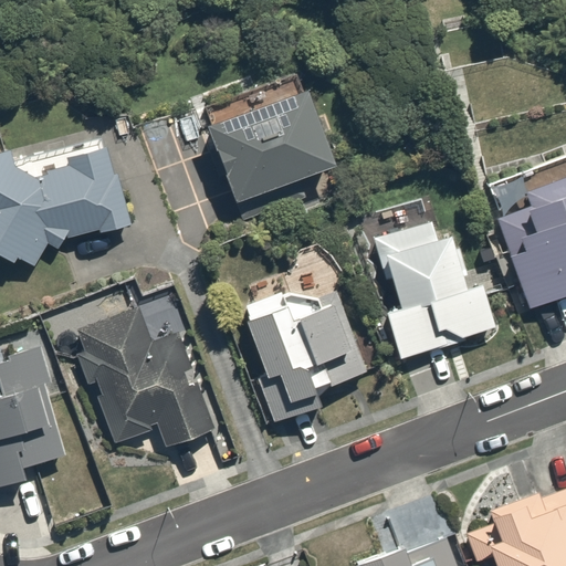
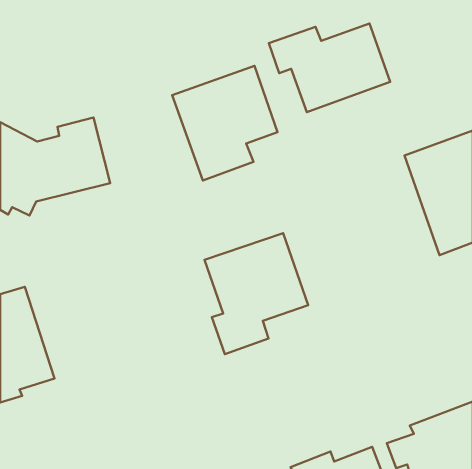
building: none -> [269,23,390,112]
building: [366,213,495,365] -> none
building: [75,308,212,450] -> none

